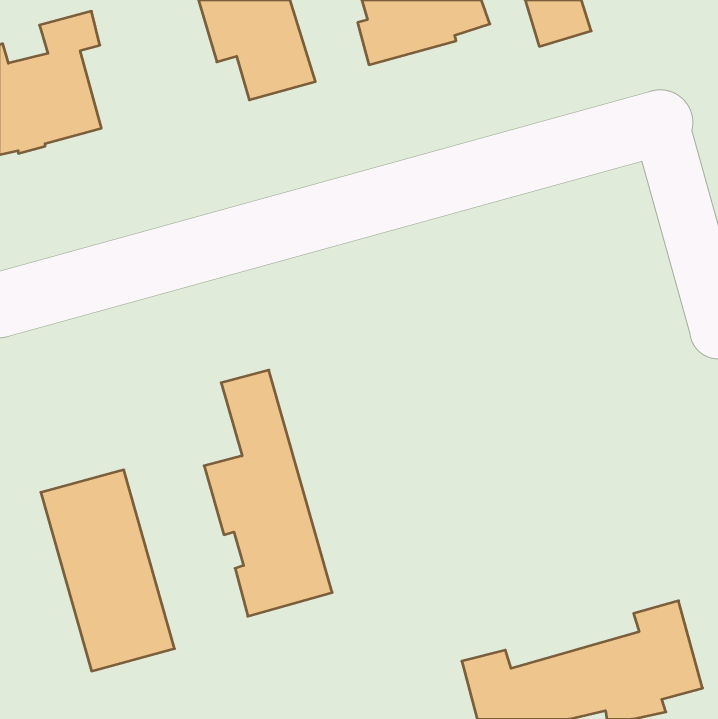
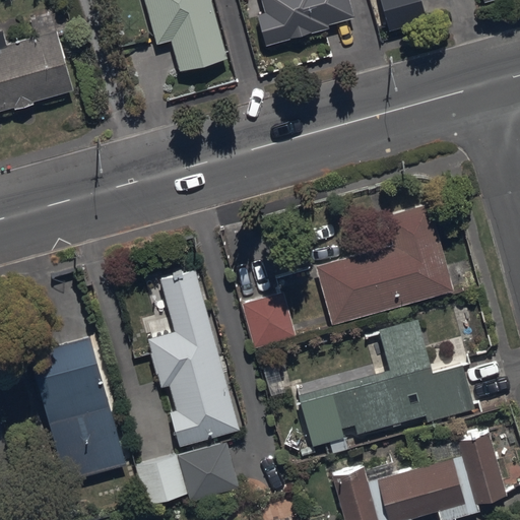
building: none -> [315,201,453,323]
building: none -> [242,290,295,346]
building: none -> [299,317,474,455]
building: none -> [136,443,240,506]

